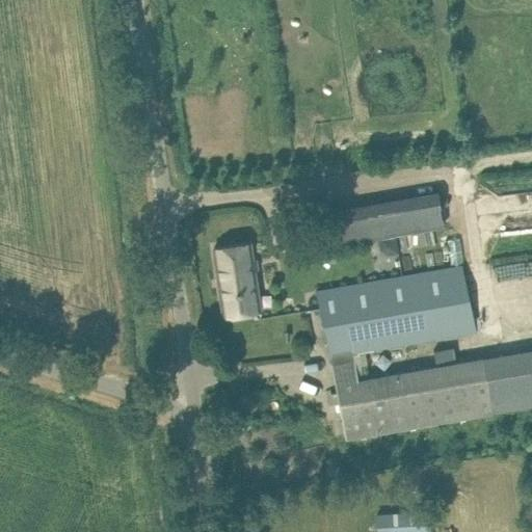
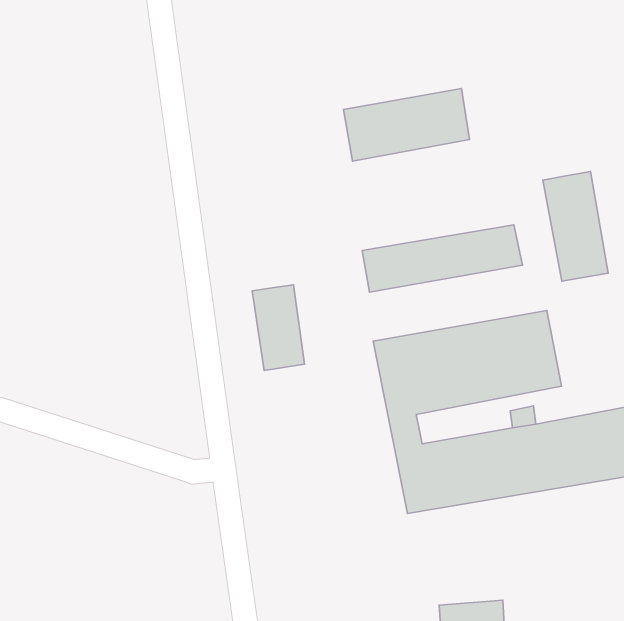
building: none -> [343,89,469,161]
building: none -> [543,172,608,281]

